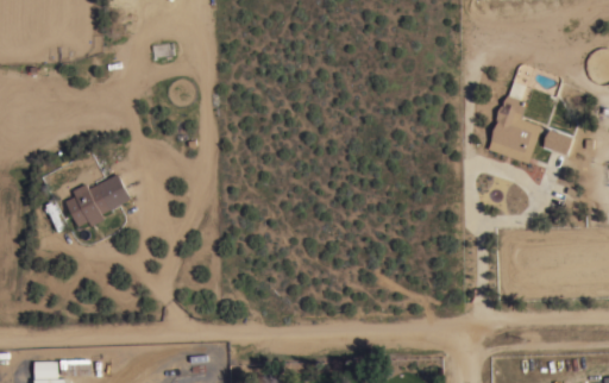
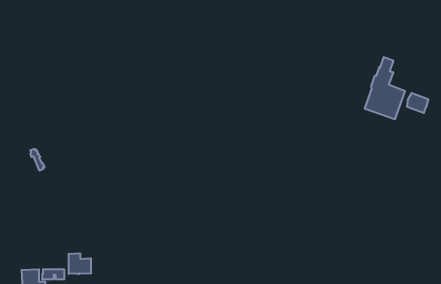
building: [65,172,131,226] -> none
building: none -> [69,253,91,274]

